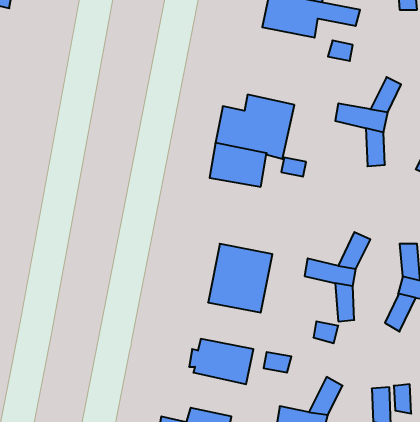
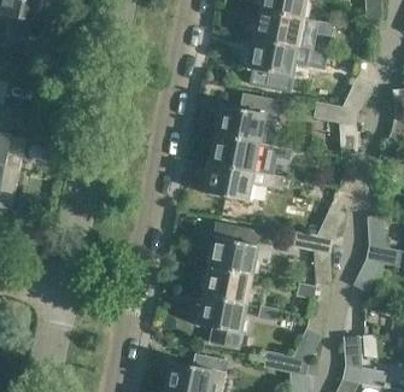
building: none -> [247,39,297,76]
building: none -> [204,163,283,200]
building: none -> [203,265,252,304]

